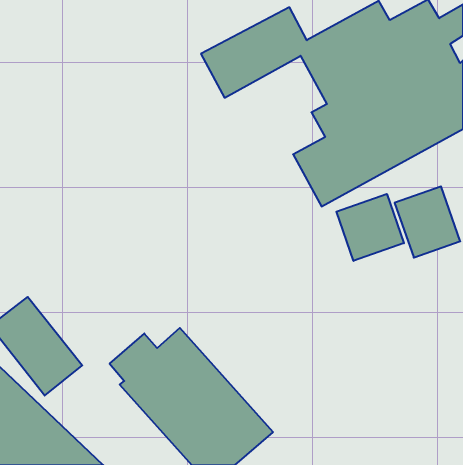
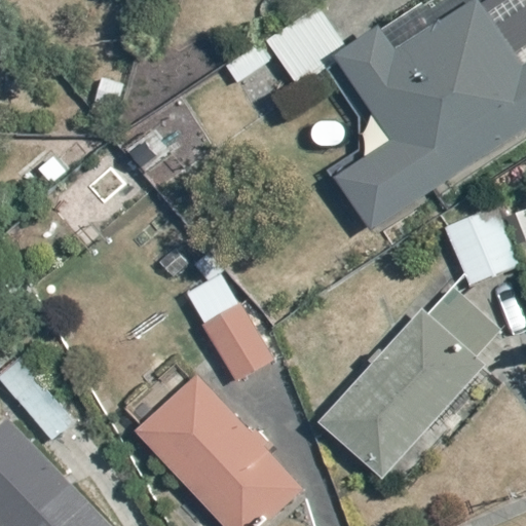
building: [336,194,404,261] -> none
building: none -> [183,268,277,381]
building: none -> [316,286,499,484]

